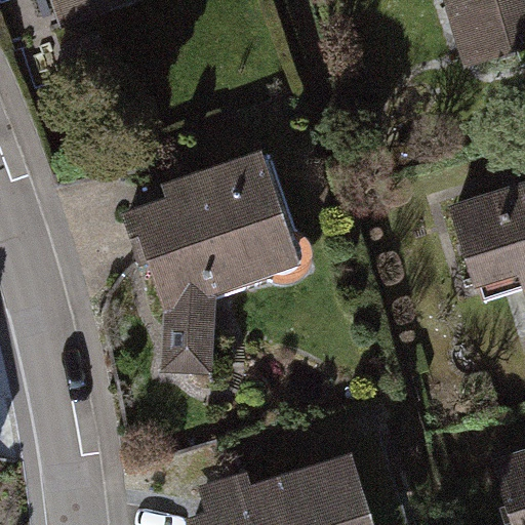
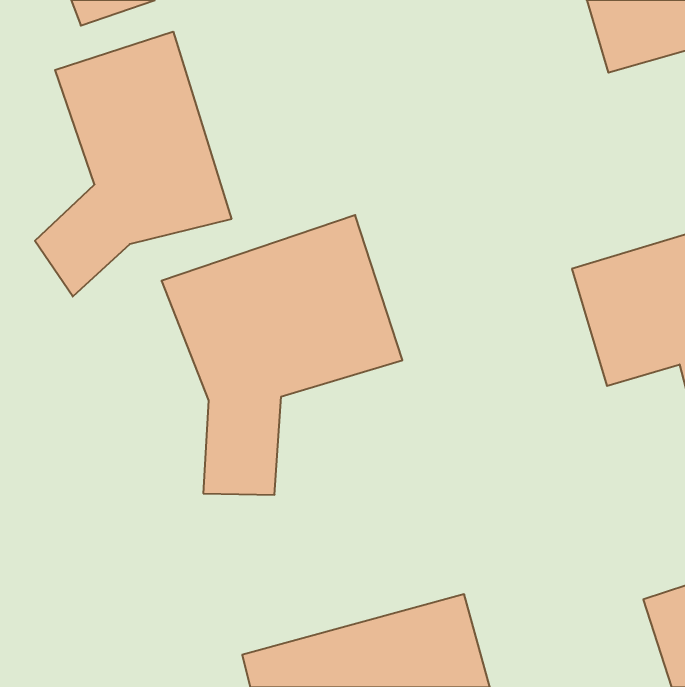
building: none -> [35,32,231,297]

